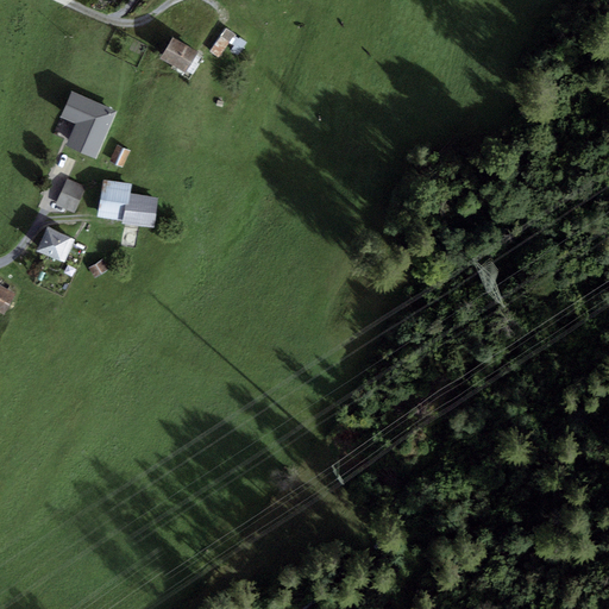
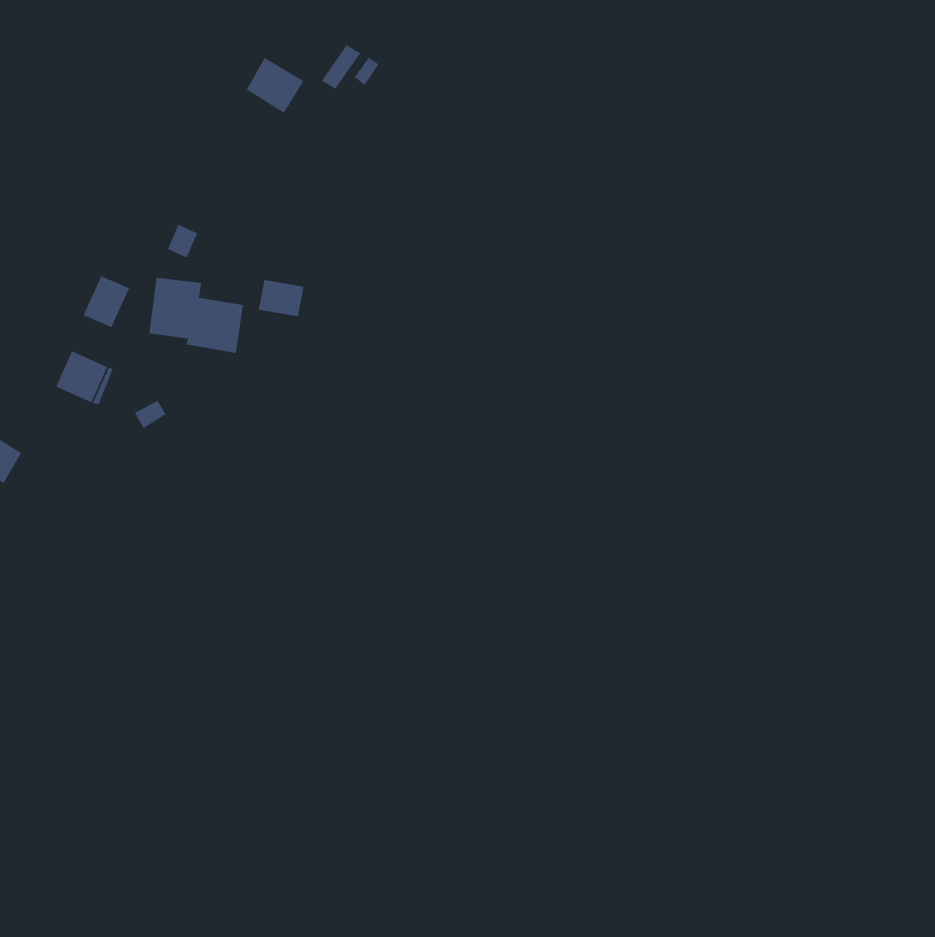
building: [58,92,115,159] -> none
building: none -> [258,279,304,317]

